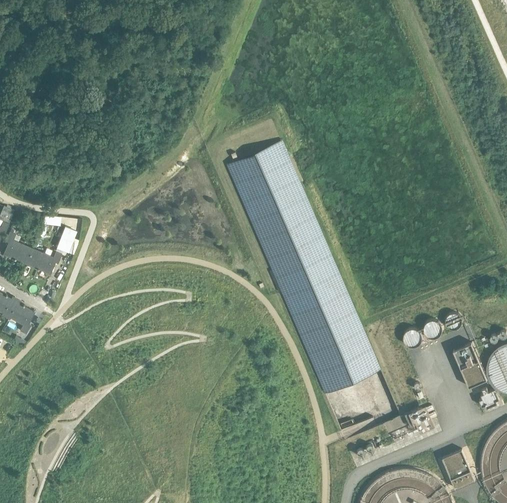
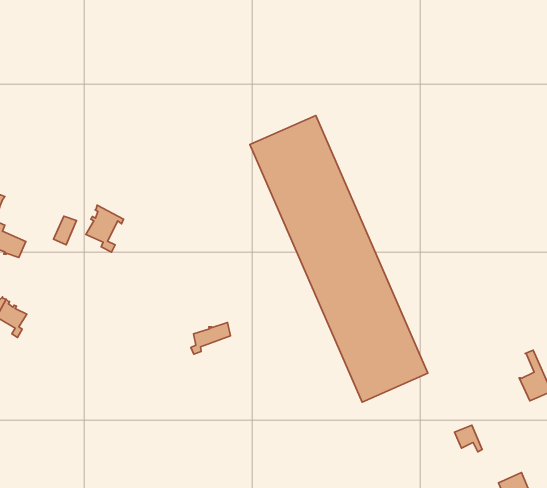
building: none -> [86,205,124,252]
building: [26,250,61,274] -> none
building: none -> [191,323,230,354]

